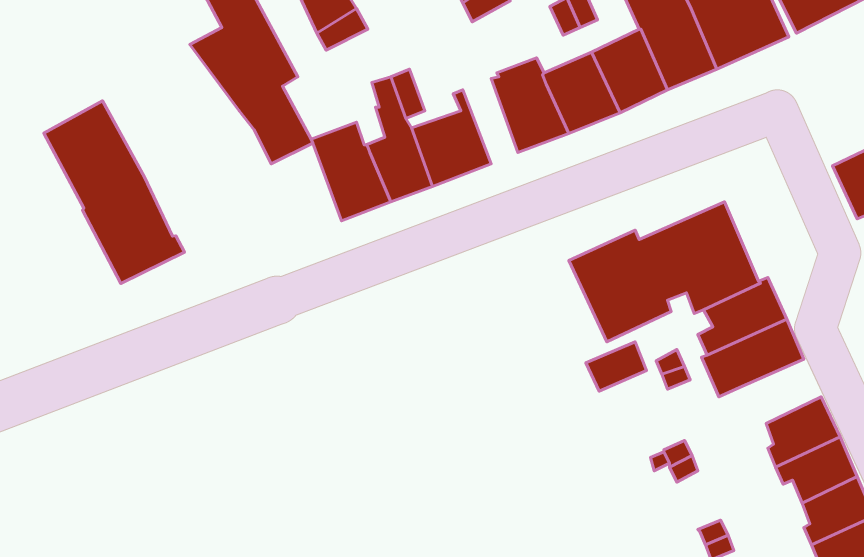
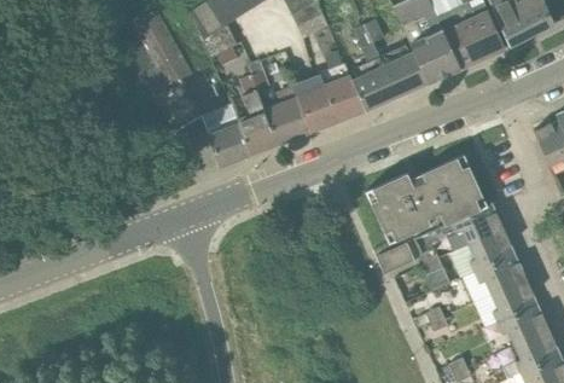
building: none -> [297,76,332,130]
building: [44,101,185,283] -> none
building: none -> [473,255,525,296]

